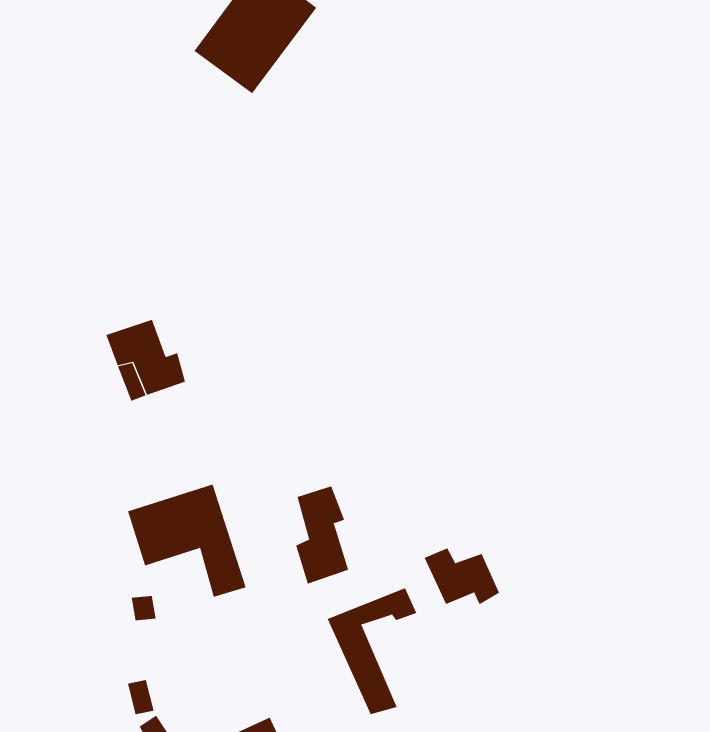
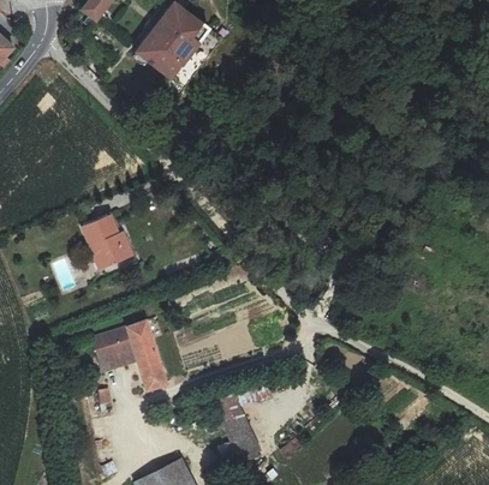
building: [296,485,349,584] -> none
building: [424,548,500,605] -> none

